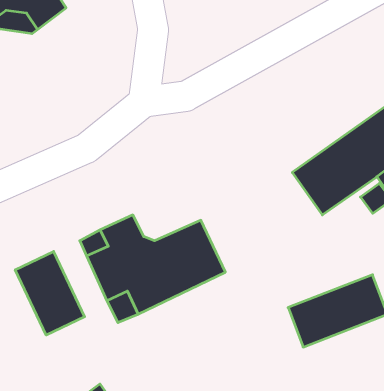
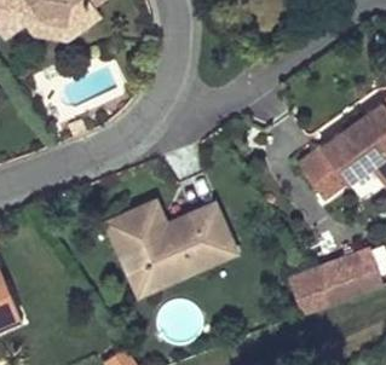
building: [15,251,85,335] -> none

